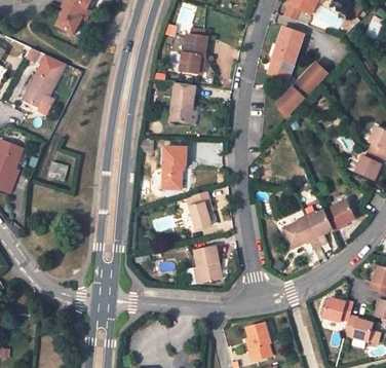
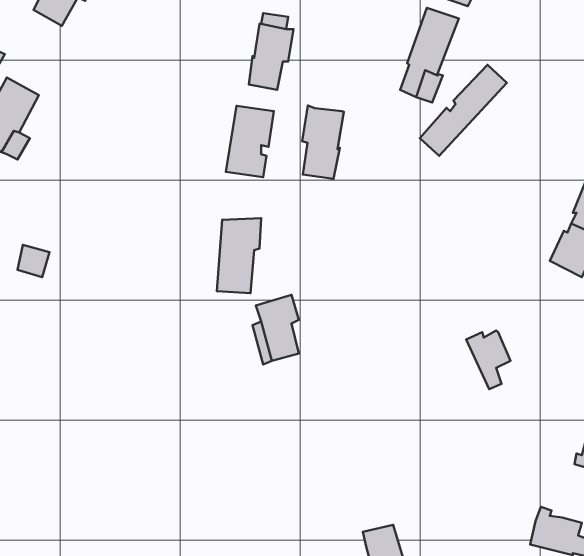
building: none -> [302,106,344,179]
building: [324,199,354,230] -> none
building: [282,216,319,248] -> none
building: [195,245,222,281] -> none
building: [322,297,352,321] -> none

